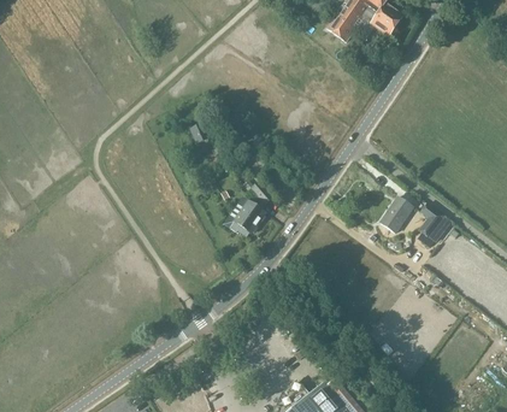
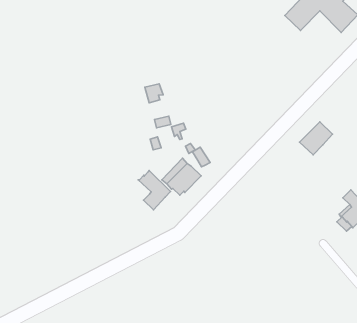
building: [379,199,413,235] -> [299,122,332,155]
building: none -> [138,171,170,210]

